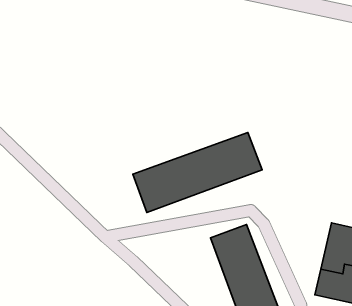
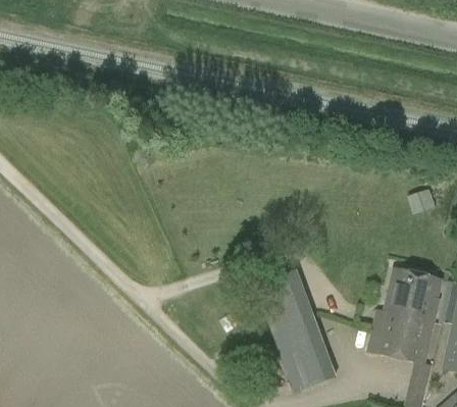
building: [133,133,262,213] -> none

